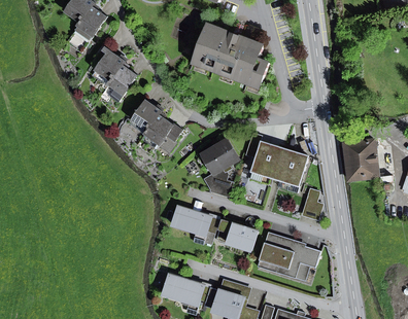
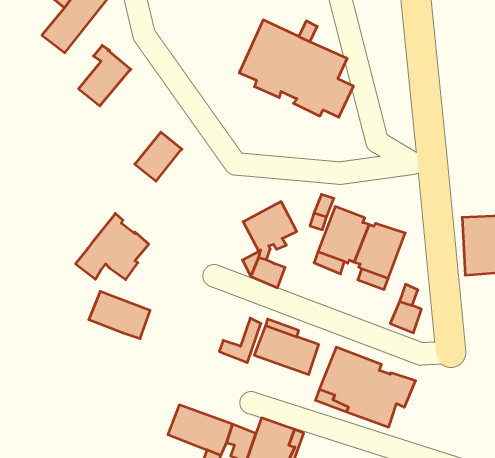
building: [99,62,136,102] -> none
building: [135,111,181,154] -> [76,213,149,280]
building: [171,206,210,235] -> [89,291,150,339]

